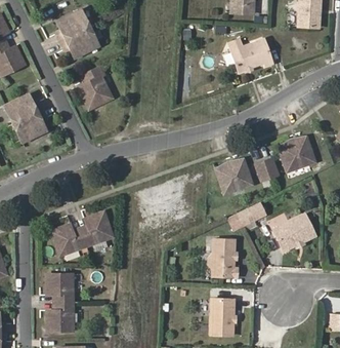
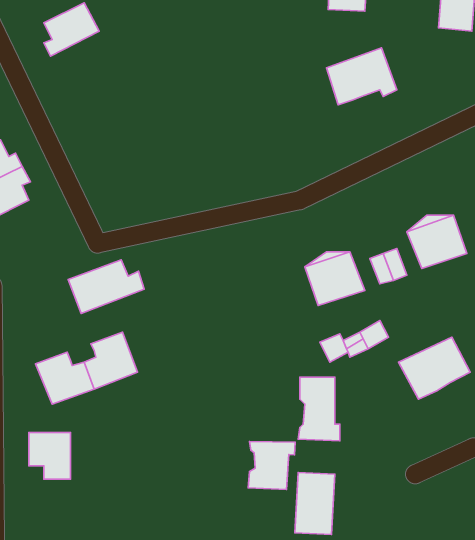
building: [60,27,98,57] -> none
building: [78,67,112,109] -> none
building: none -> [68,260,144,314]
building: none -> [248,441,295,490]
building: [47,302,74,331] -> none

